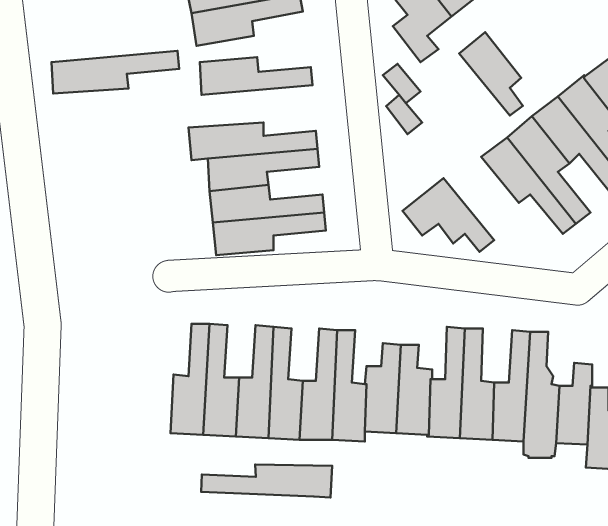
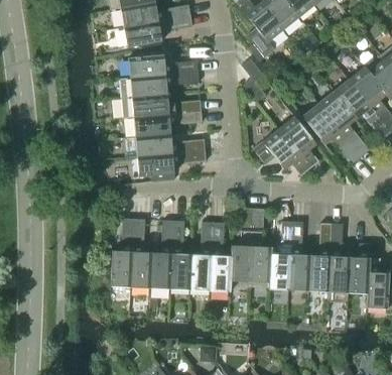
building: [459,32,523,116] -> [279,116,318,167]
building: [52,51,179,93] -> [121,72,200,98]
building: [201,464,332,497] -> none

